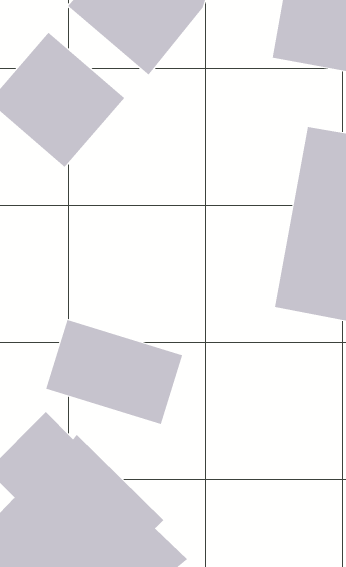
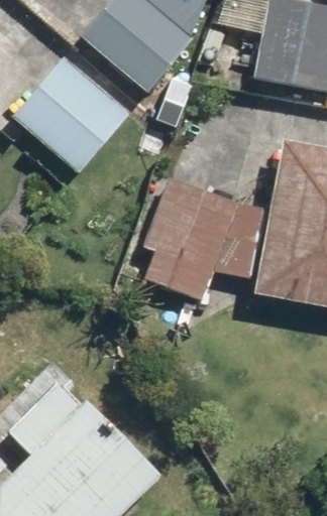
building: none -> [143,175,266,298]
building: [46,319,183,425] -> none

